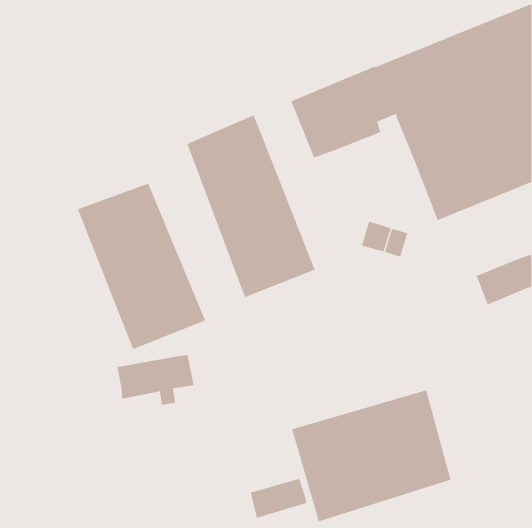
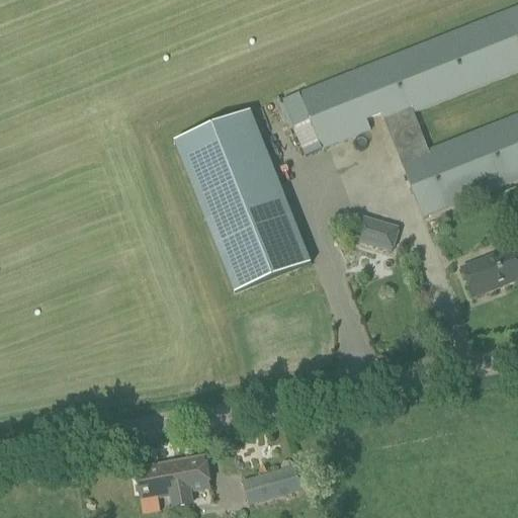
building: [77,183,206,350] -> none
building: [116,354,194,405] -> [135,456,210,506]
building: [292,390,451,522] -> none

